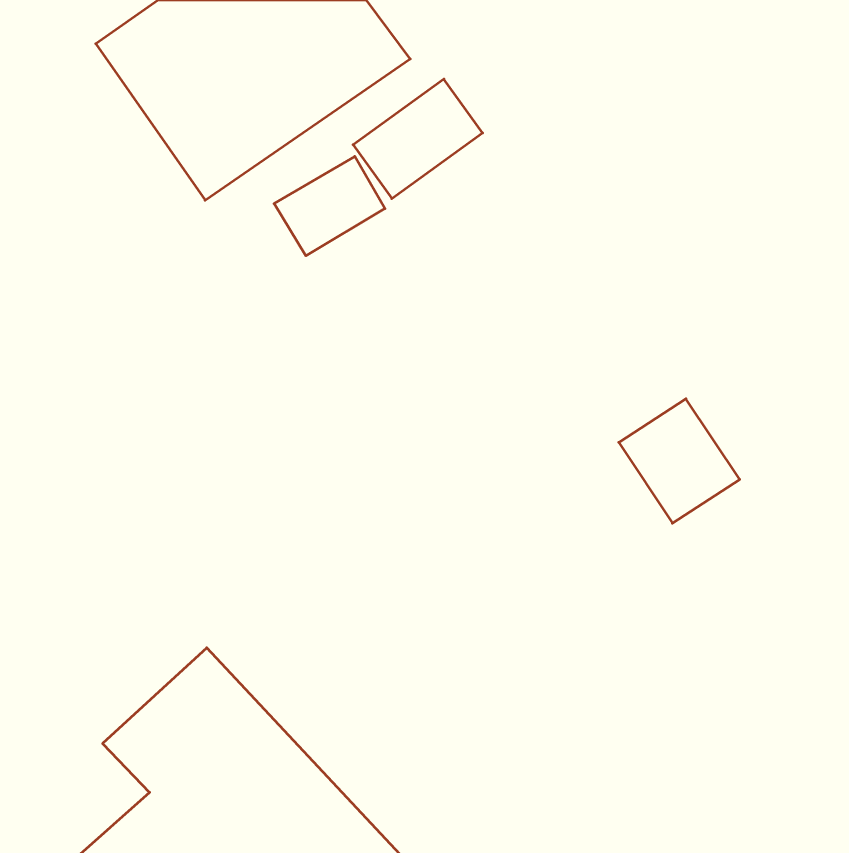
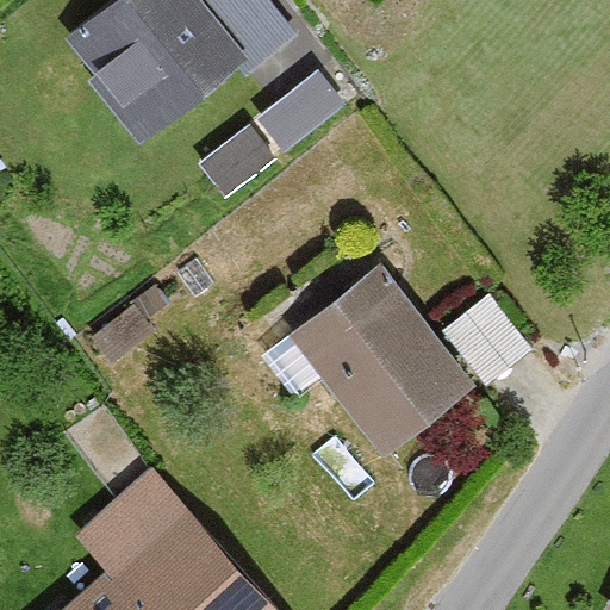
building: none -> [288,267,475,462]

